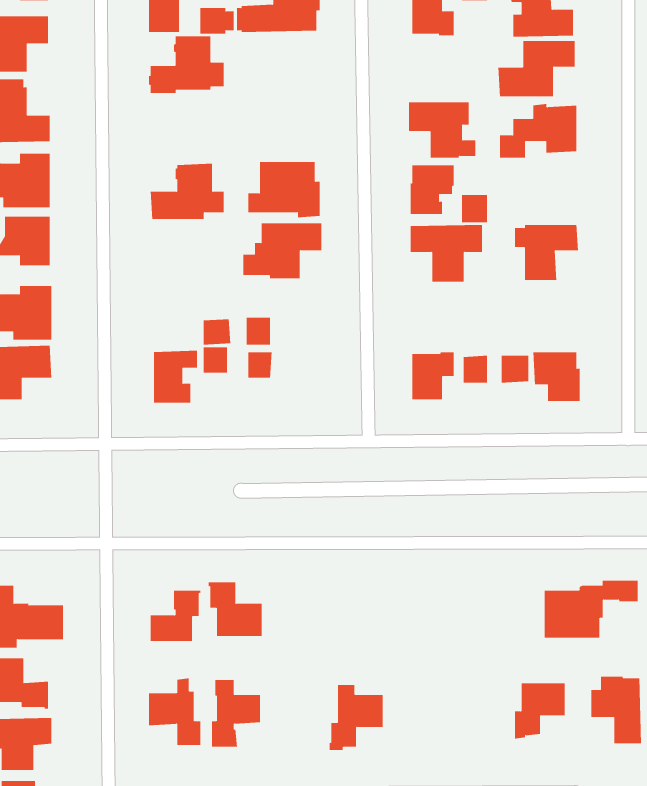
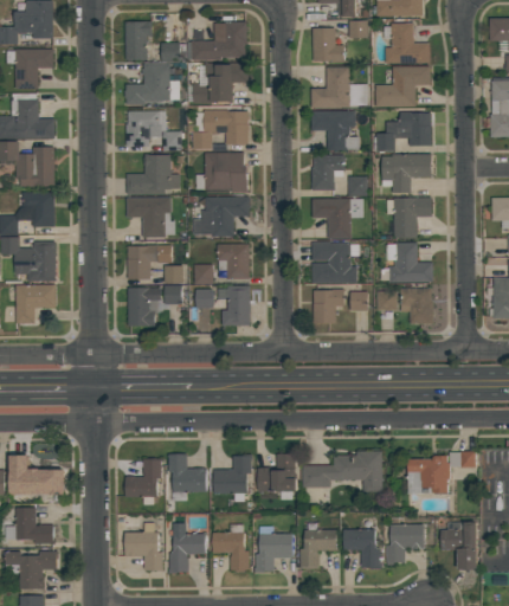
building: none -> [193,63,247,103]
building: none -> [310,67,367,108]
building: none -> [192,110,247,149]
building: none -> [125,111,182,152]
building: none -> [381,154,431,193]
building: none -> [125,198,174,238]
building: none -> [311,241,359,283]
building: none -> [388,243,433,283]
building: none -> [217,244,249,279]
building: none -> [127,245,170,281]
building: none -> [217,285,250,325]
building: none -> [302,451,381,491]
building: none -> [257,453,296,499]
building: none -> [213,456,252,502]
building: none -> [212,524,249,573]
building: none -> [299,529,336,569]
building: none -> [342,529,380,569]

